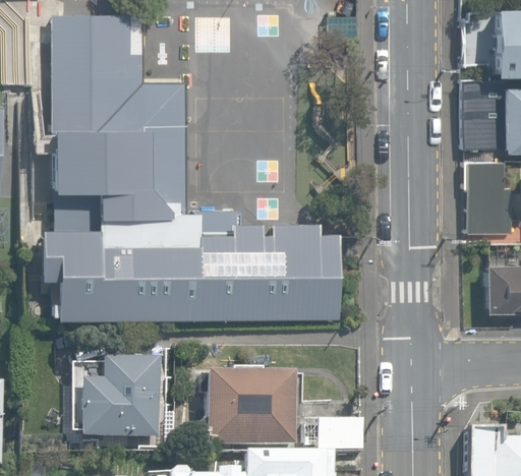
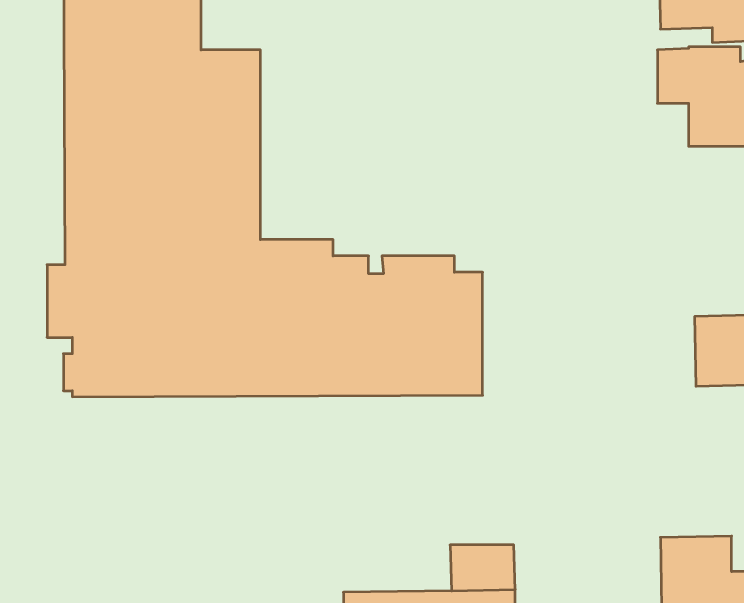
building: [467,166,512,235] -> none
building: [79,362,160,441] -> none
building: [199,375,294,449] -> none

